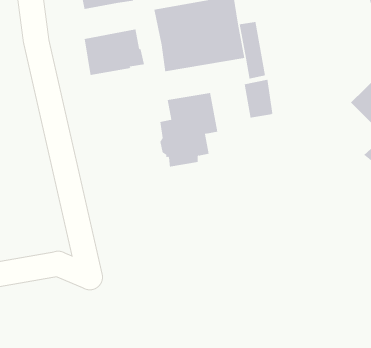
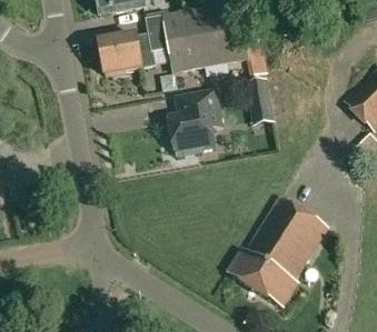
building: none -> [145,14,169,50]
building: none -> [228,197,327,305]

